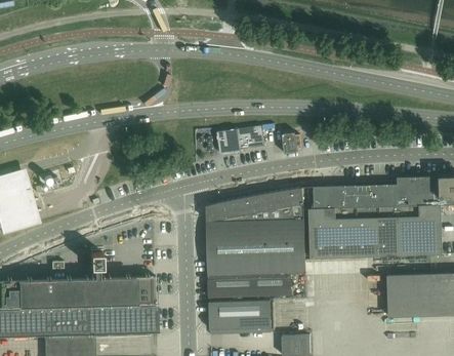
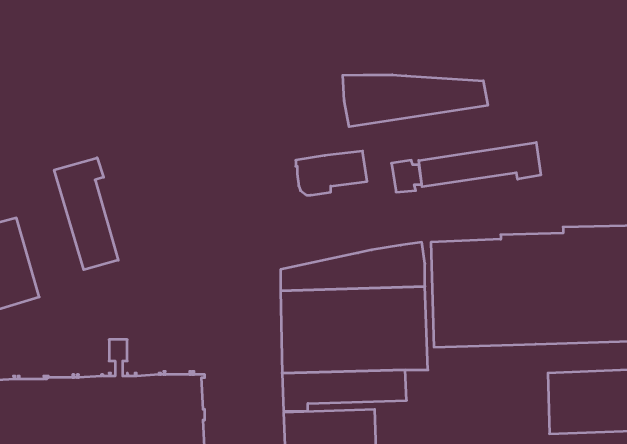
building: none -> [343,75,488,127]
building: none -> [419,142,541,187]
building: none -> [54,158,118,270]

